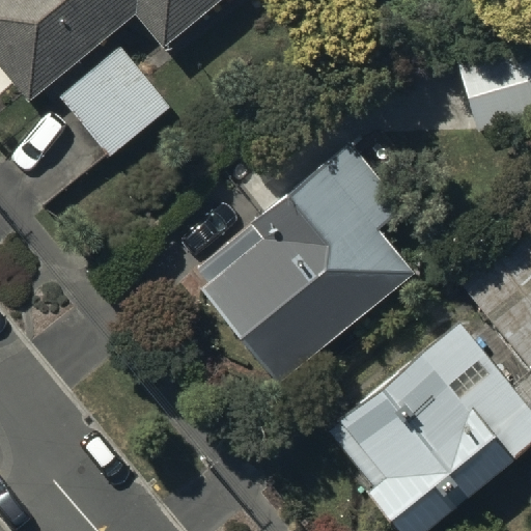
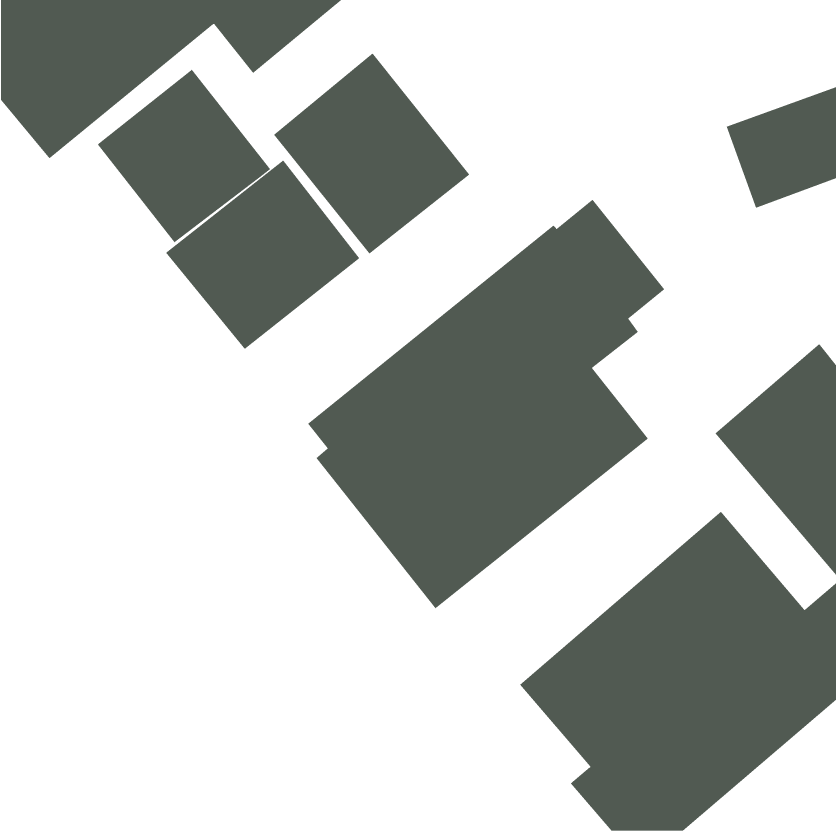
building: none -> [273,52,470,255]
building: none -> [165,160,360,350]

